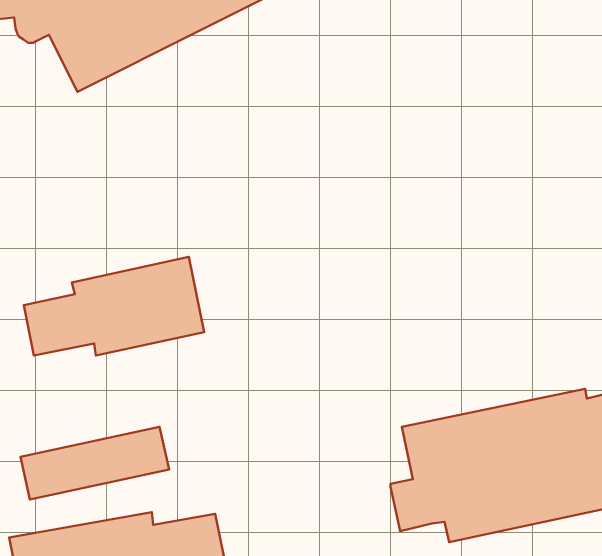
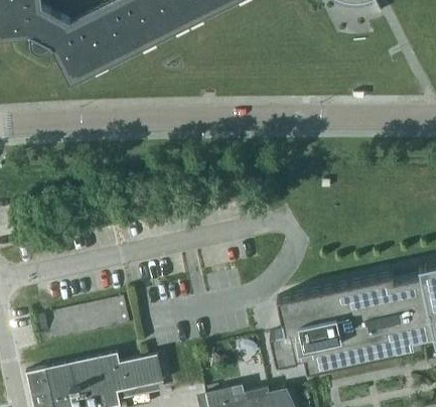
building: [24,257,204,355] -> none

